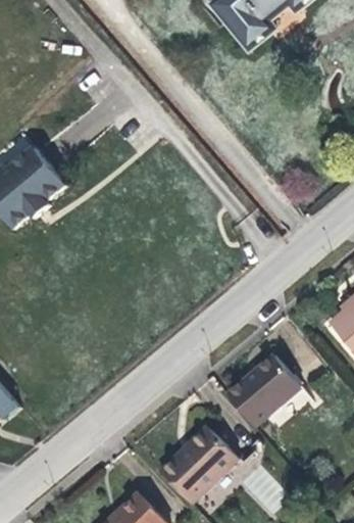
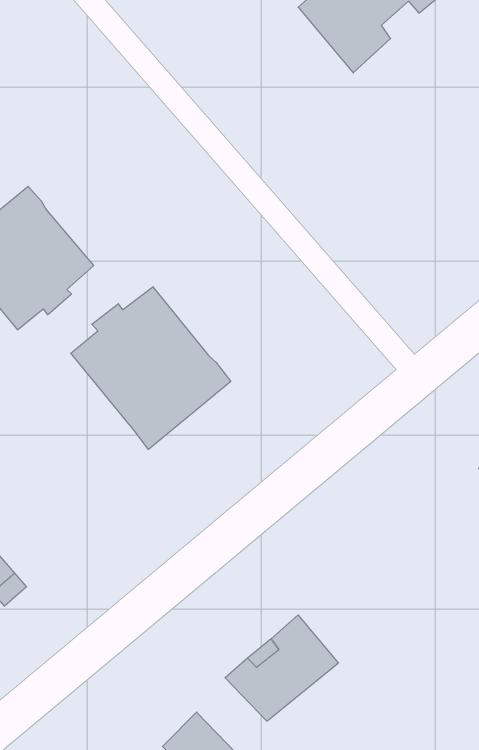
building: none -> [71,287,231,449]
building: [226,355,301,427] -> none

